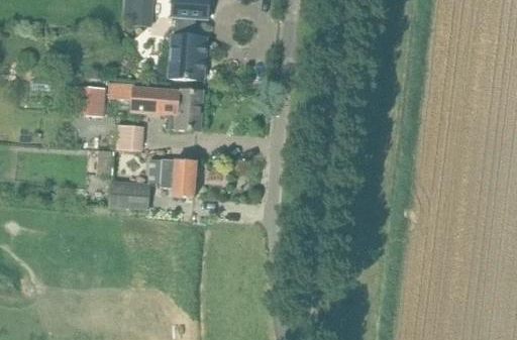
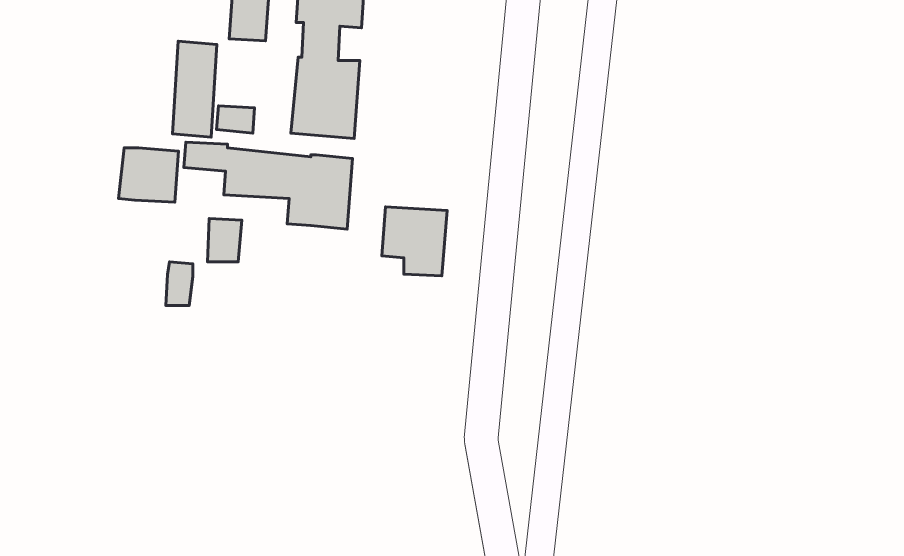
building: none -> [172,41,217,137]
building: [160,158,196,197] -> [382,207,447,276]
building: [109,181,149,208] -> none

